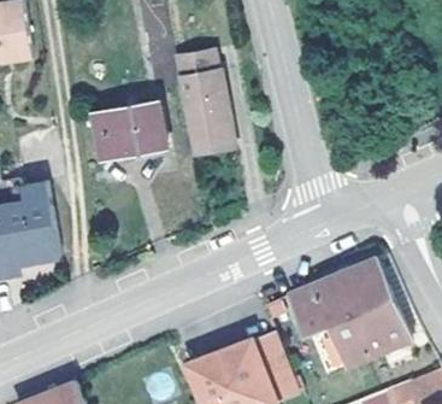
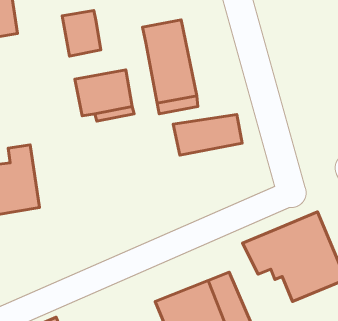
building: none -> [62,10,101,56]
building: none -> [173,115,242,155]

